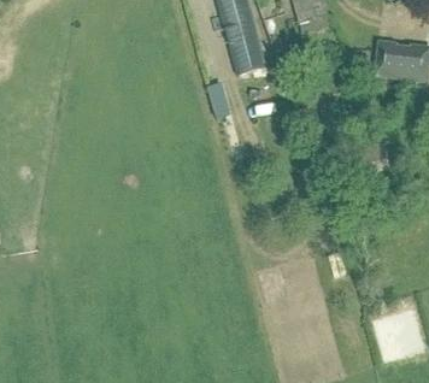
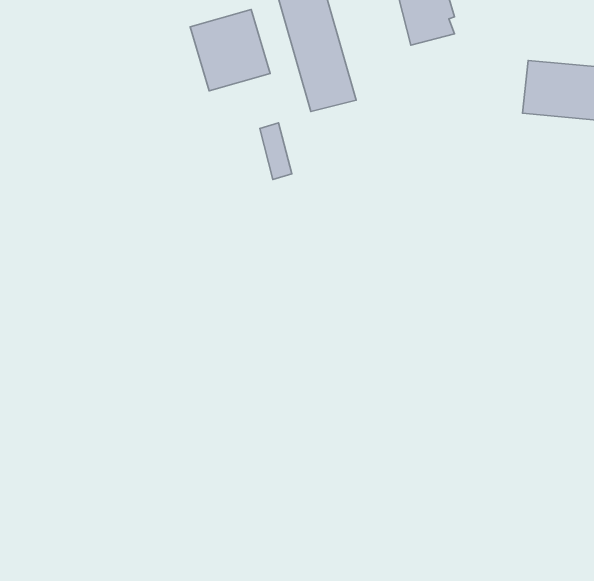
building: none -> [190,9,270,91]

